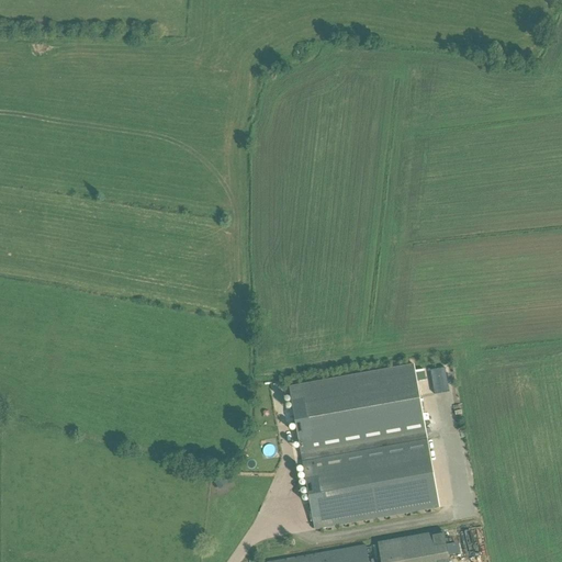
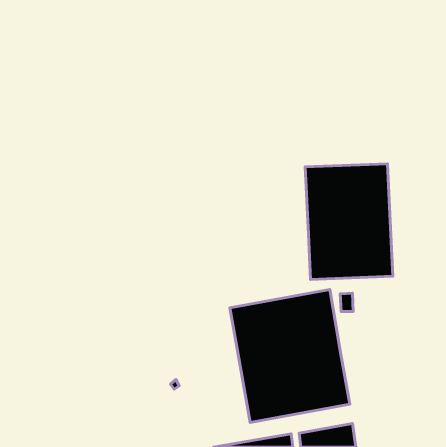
building: none -> [305,164,393,279]

